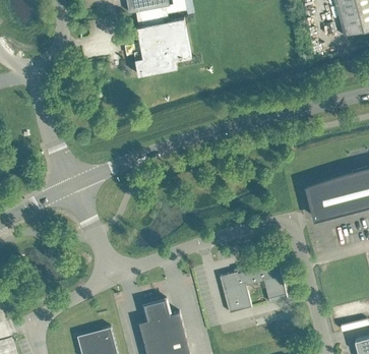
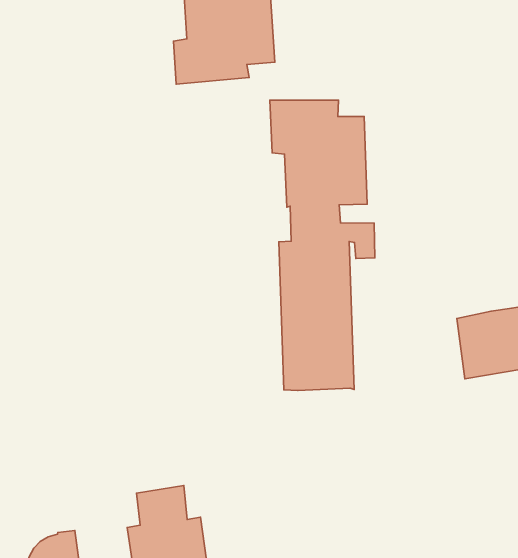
building: none -> [270,100,375,390]
building: [221,261,288,313] -> none

